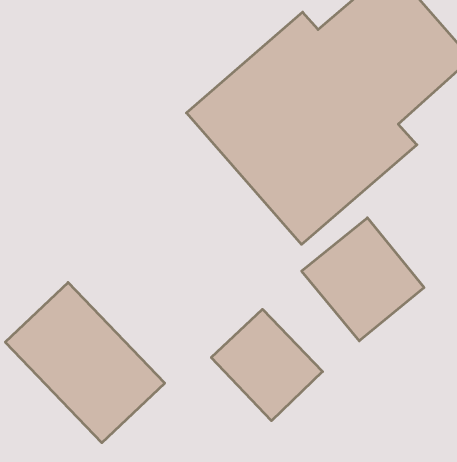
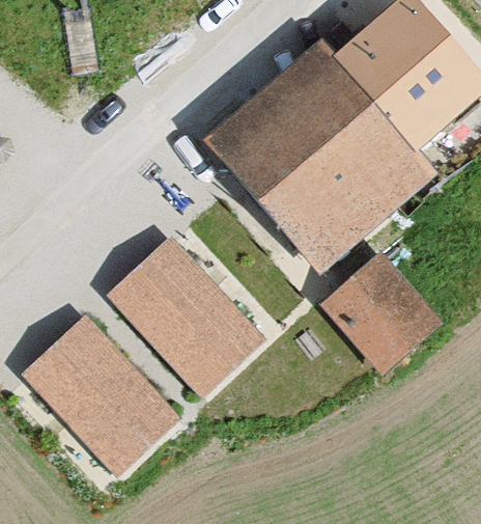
building: none -> [105,235,266,397]
building: [211,309,323,421] -> none

